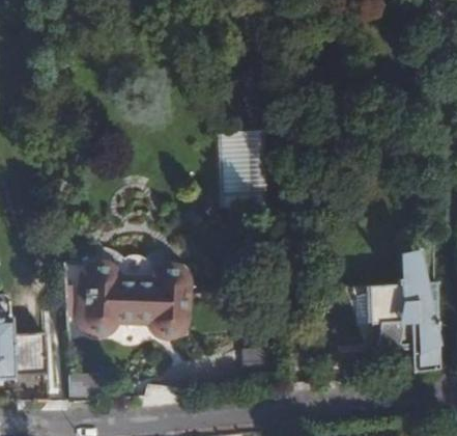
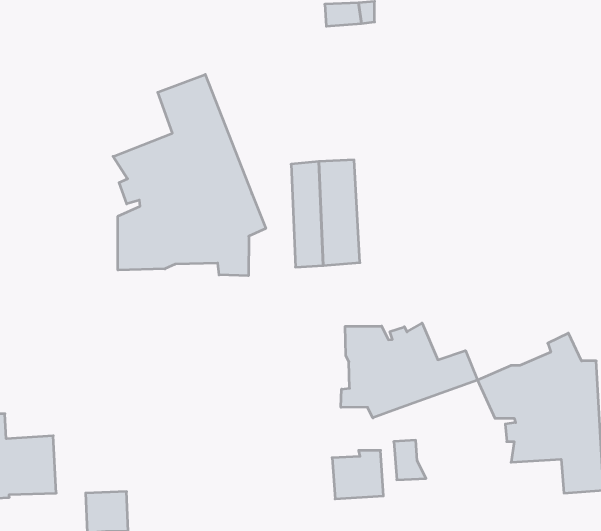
building: none -> [113,74,266,276]
building: none -> [341,323,477,418]
building: [78,255,195,338] -> none

